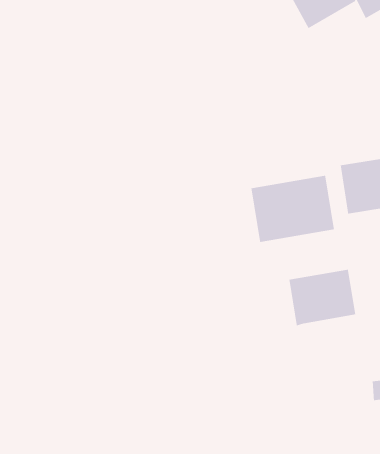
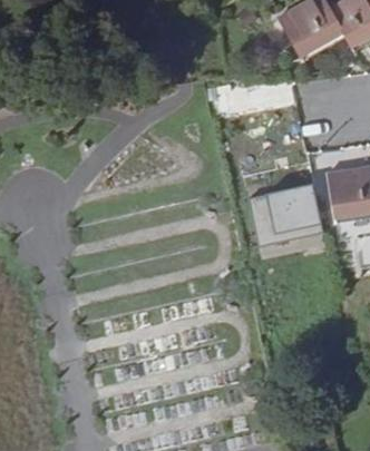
building: [288,269,356,326] -> none

